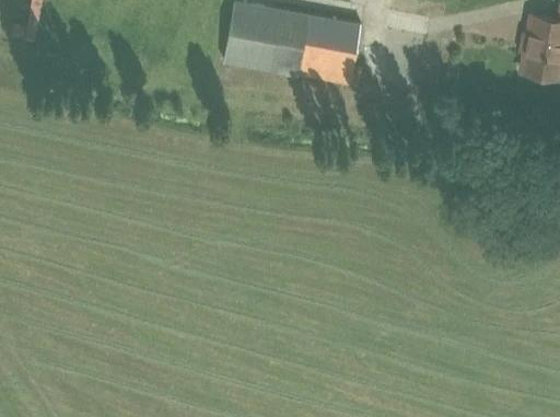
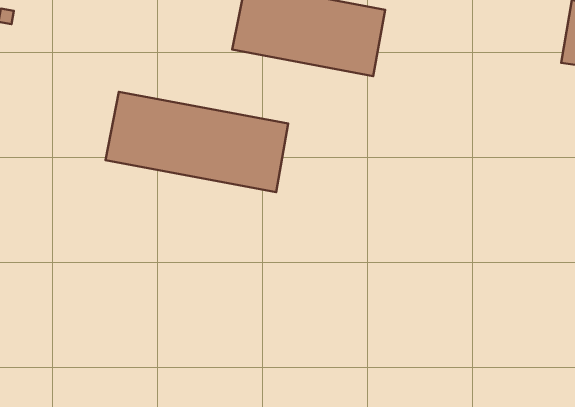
building: none -> [106,92,288,192]

